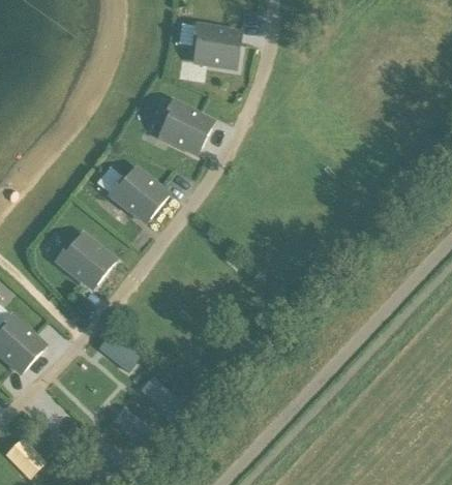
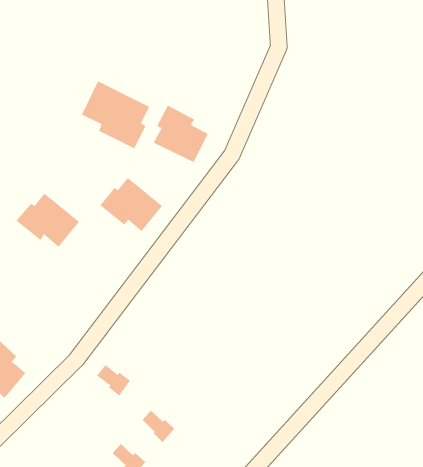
building: [191,25,240,68] -> none
building: none -> [81,81,150,149]
building: [55,234,115,284] -> [15,193,80,247]

